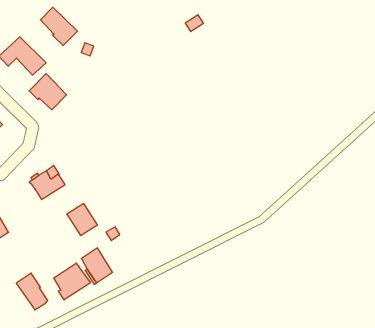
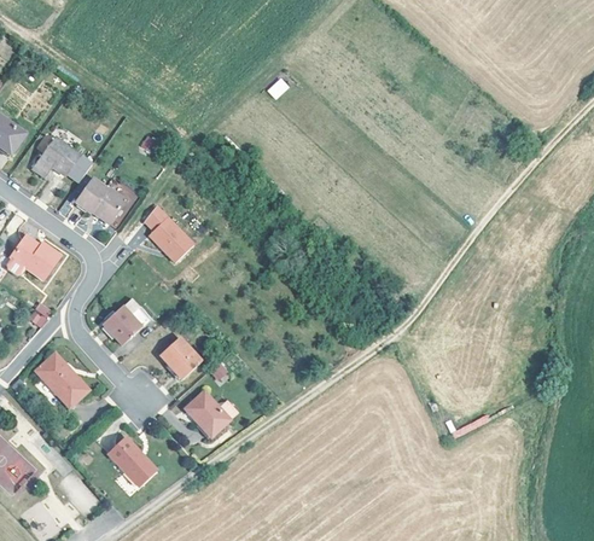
building: [40,7,78,46] -> none
building: none -> [145,206,197,263]
building: [54,263,90,300] -> none

